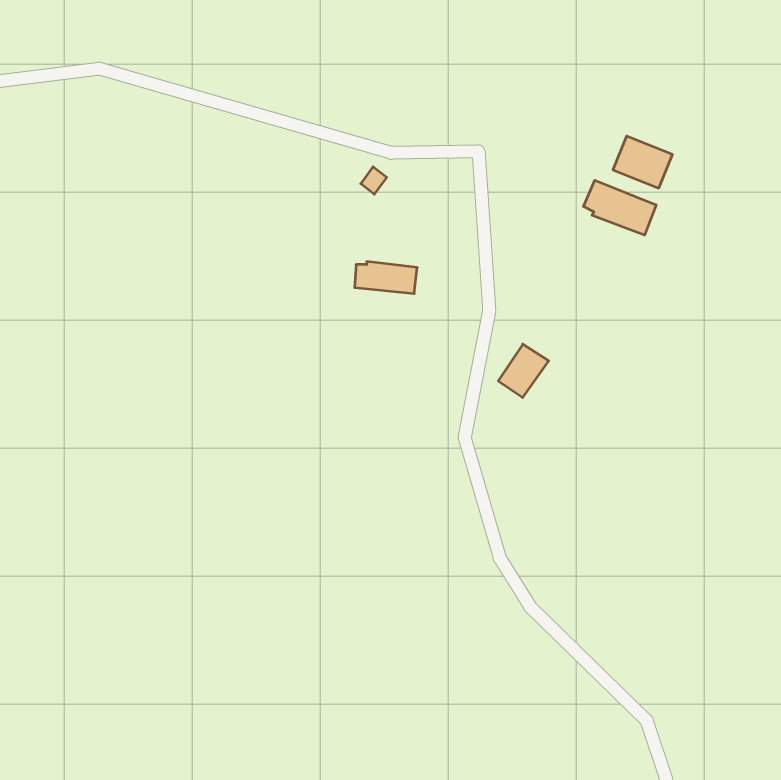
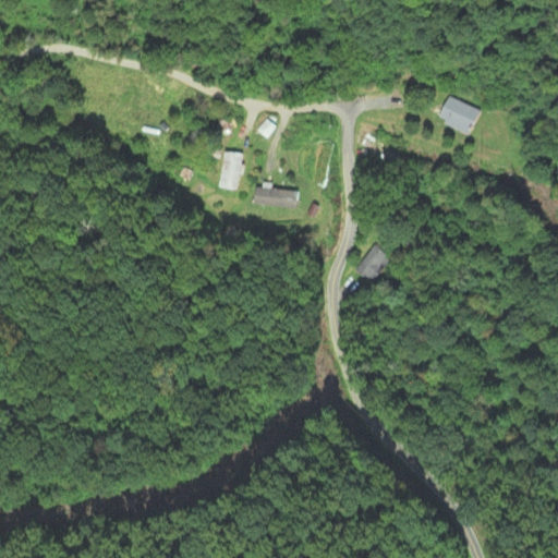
building: [583,180,656,235] -> none
building: none -> [219,151,243,190]

